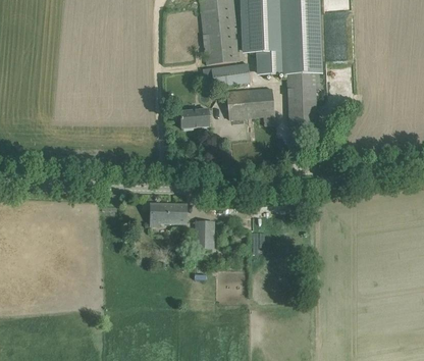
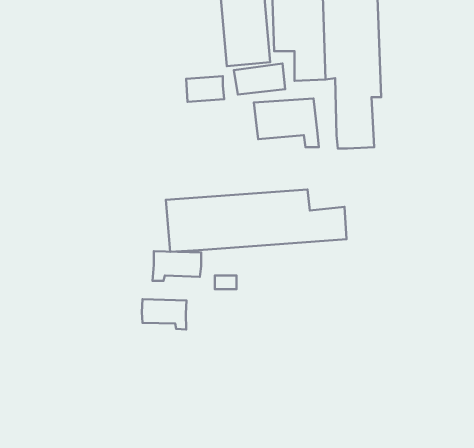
building: [180,108,209,127] -> [186,76,224,102]
building: none -> [166,189,347,252]
building: none -> [142,299,186,330]

